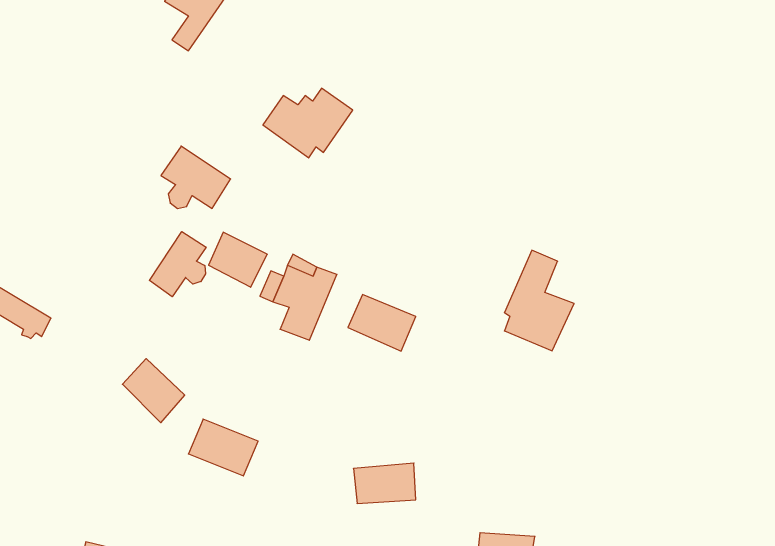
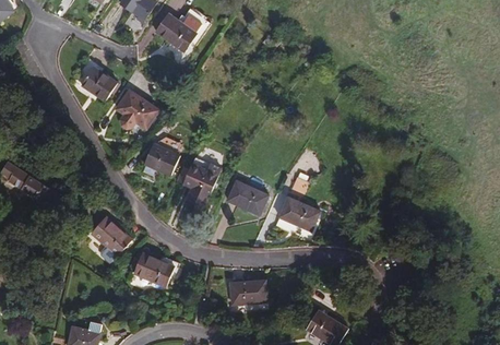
building: [263,88,353,158] -> [155,10,209,51]
building: none -> [73,61,118,99]
building: [149,232,206,297] -> none
building: [504,250,574,351] -> [279,177,321,237]

